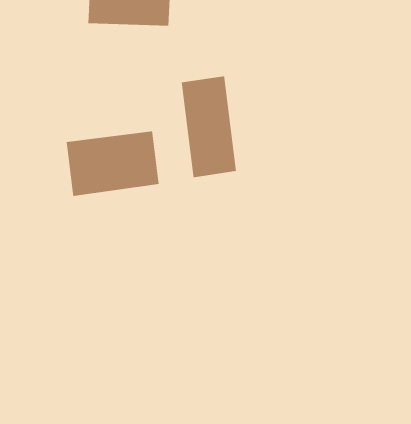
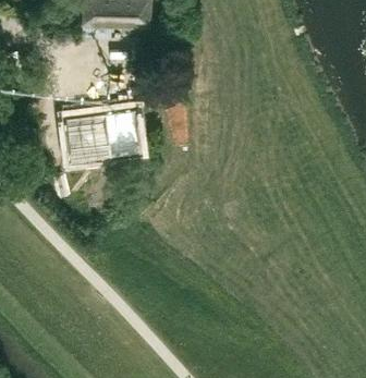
building: [181,75,236,178] -> none

